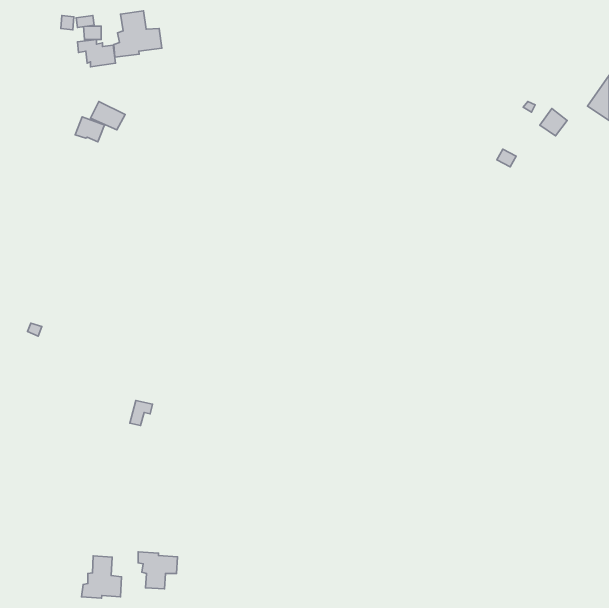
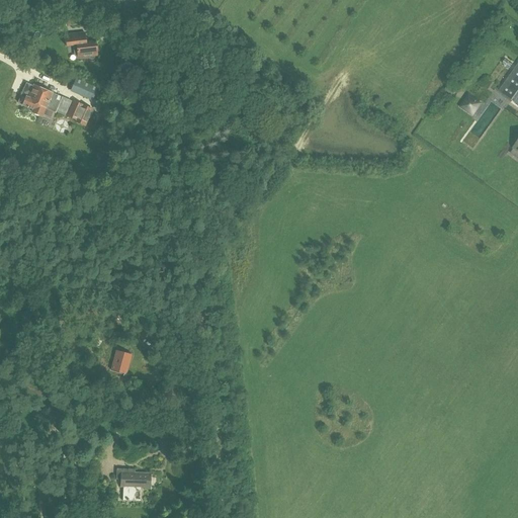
building: [114,11,162,57] -> none
building: none -> [18,84,61,115]
building: [82,556,121,598] -> none

